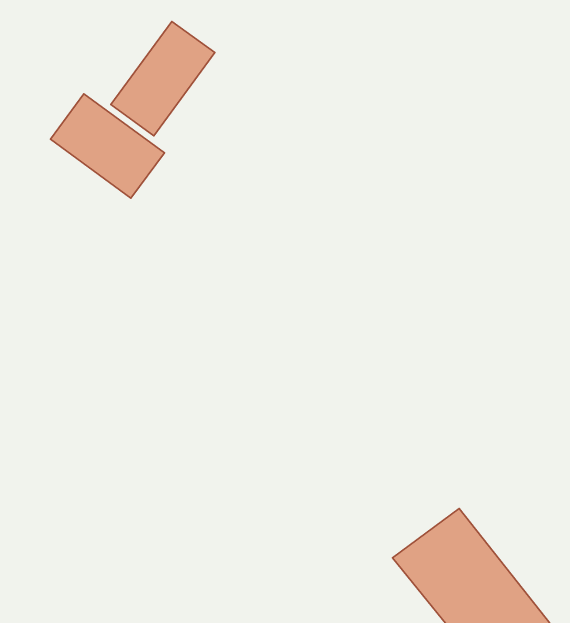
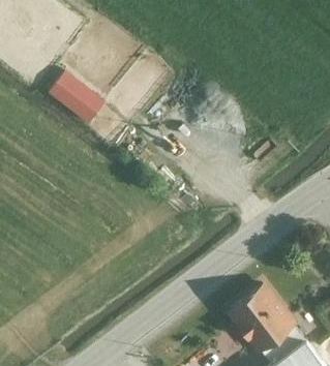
building: [111,21,215,136] -> none

